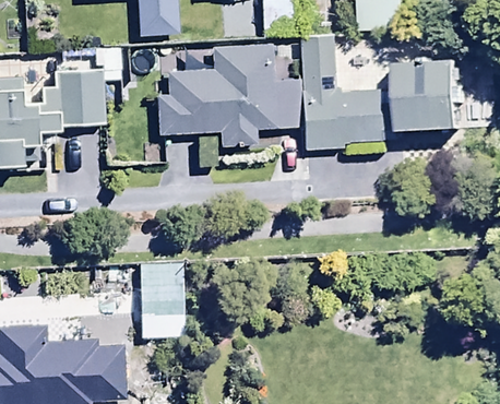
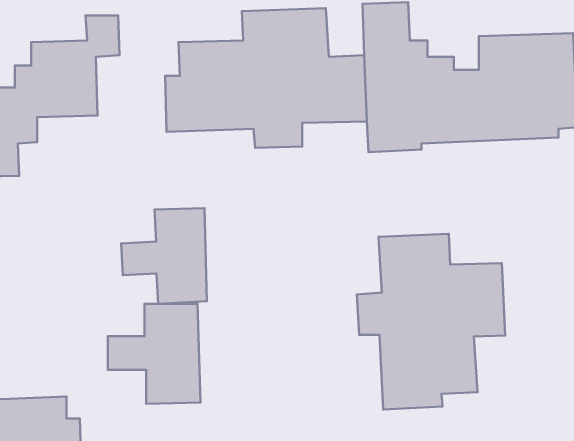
building: none -> [121,208,207,304]
building: none -> [357,234,505,410]

